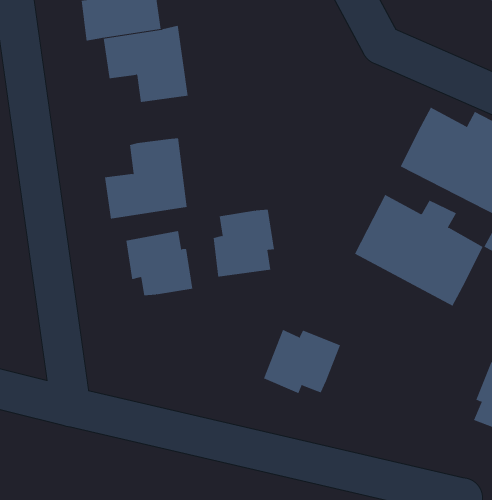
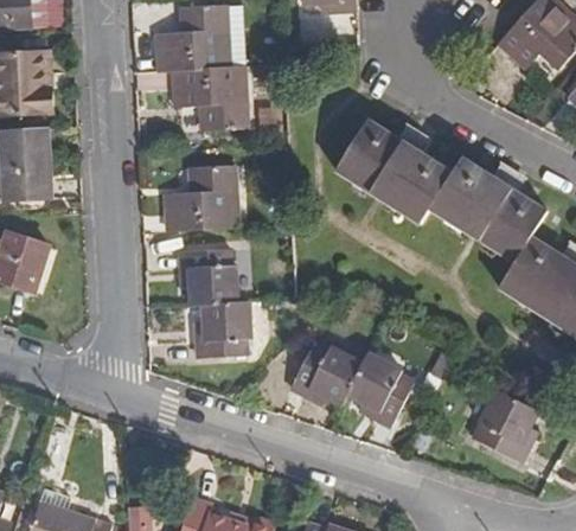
building: [354,194,483,306] -> [337,120,453,225]
building: [213,209,275,277] -> [197,302,251,359]
building: none -> [350,354,415,427]

